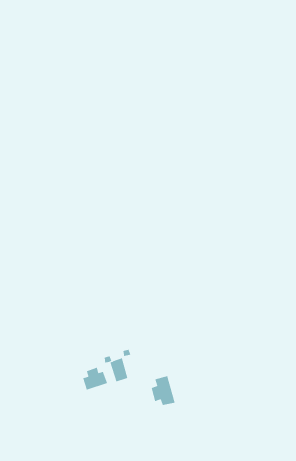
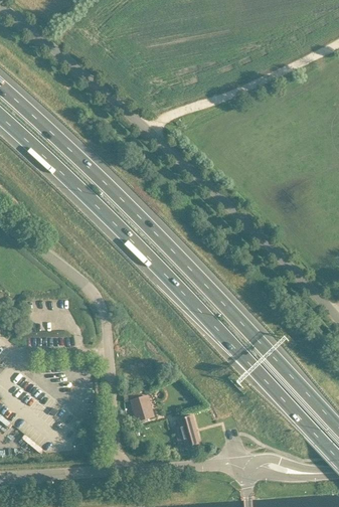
building: [82,367,108,391] -> none

